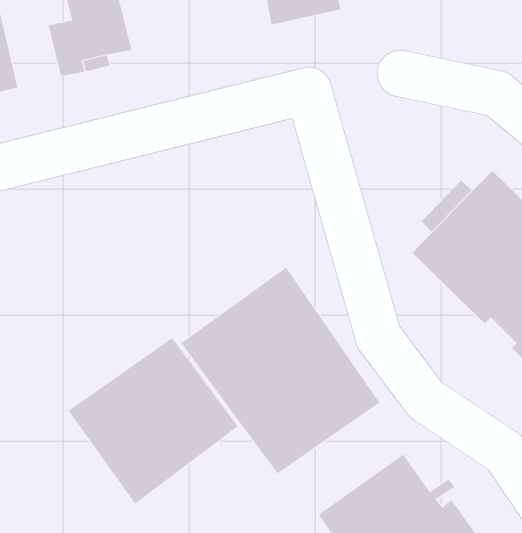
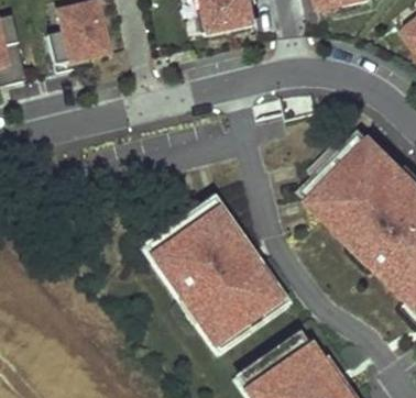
building: [68,337,238,504] -> none

